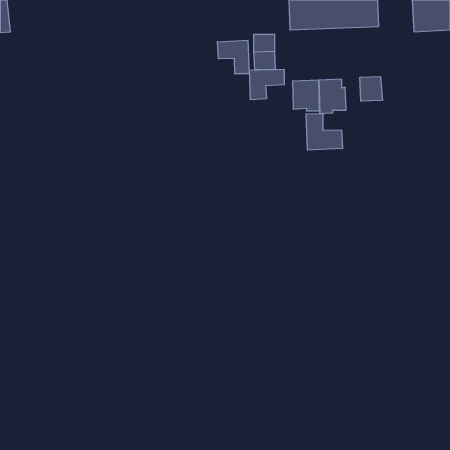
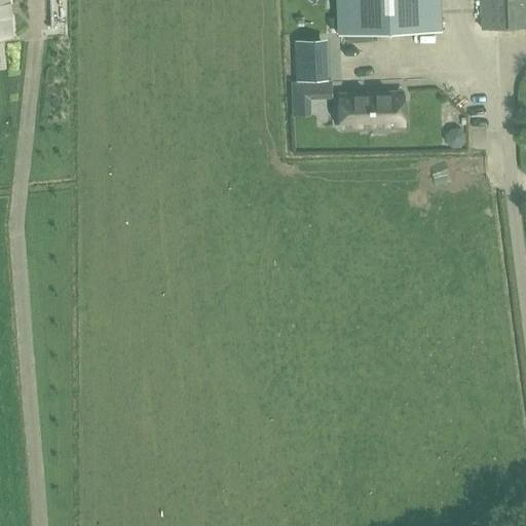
building: [217,40,249,74] -> none
building: [360,77,382,101] -> none
building: [306,114,343,150] -> none

